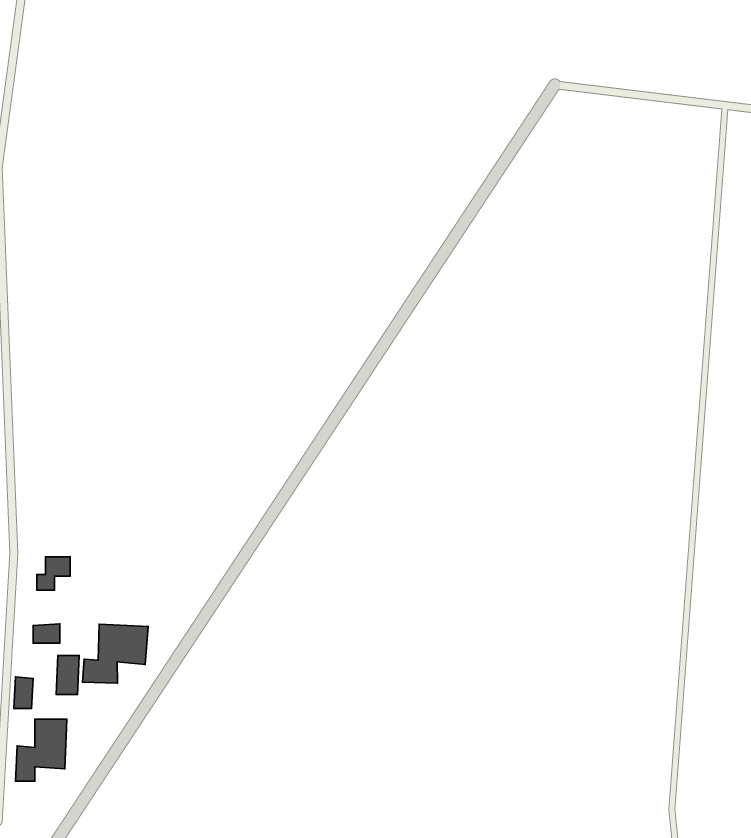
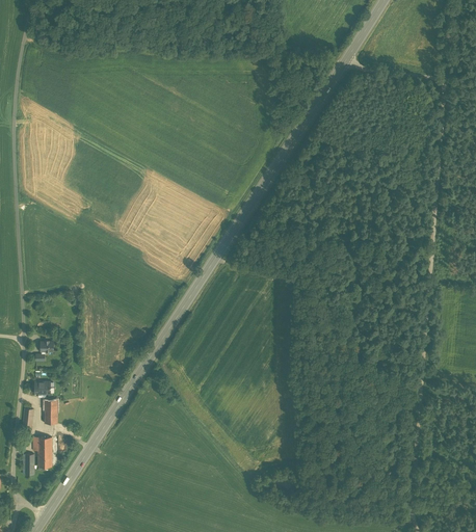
building: [82,624,148,683] -> none

